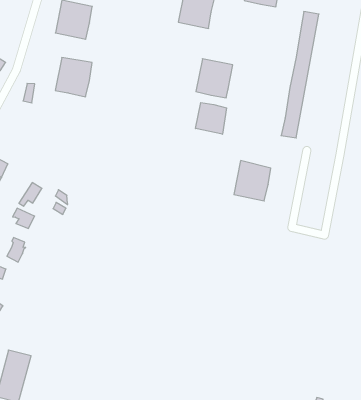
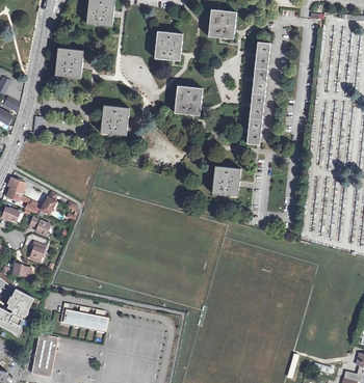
building: [55,58,92,97] -> [102,107,130,137]
building: [196,103,227,134] -> none
building: none -> [59,303,106,331]

